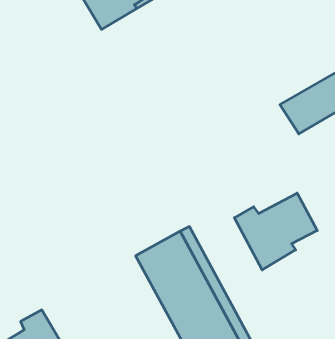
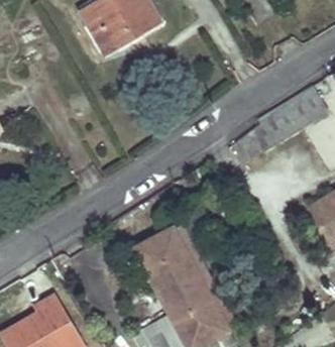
building: [234,193,317,270] -> none

